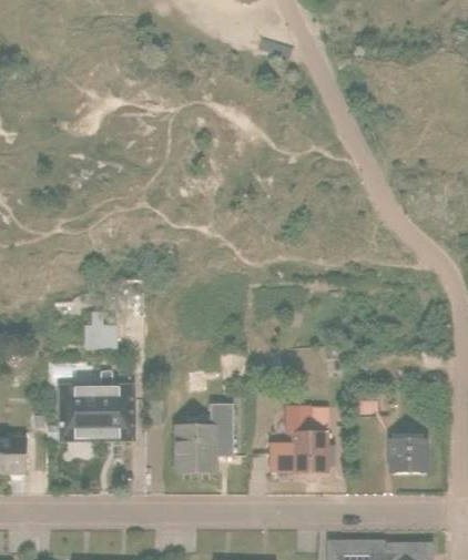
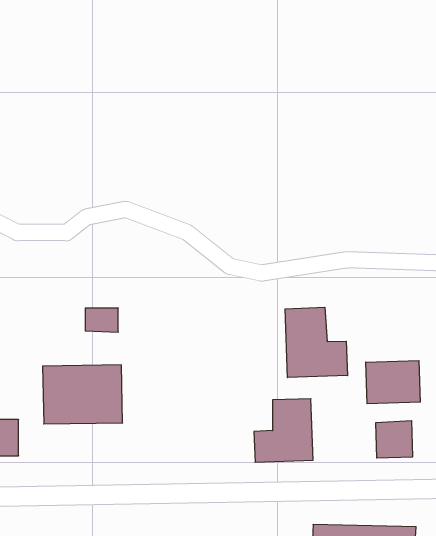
building: none -> [285,307,348,378]
building: none -> [366,361,420,404]
building: [172,406,226,472] -> none

